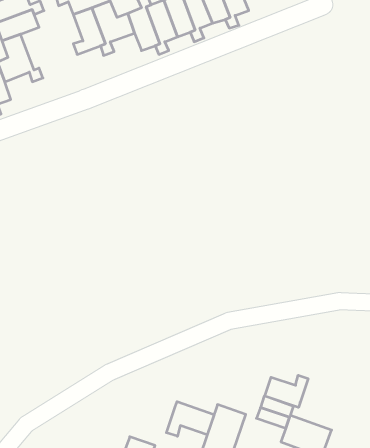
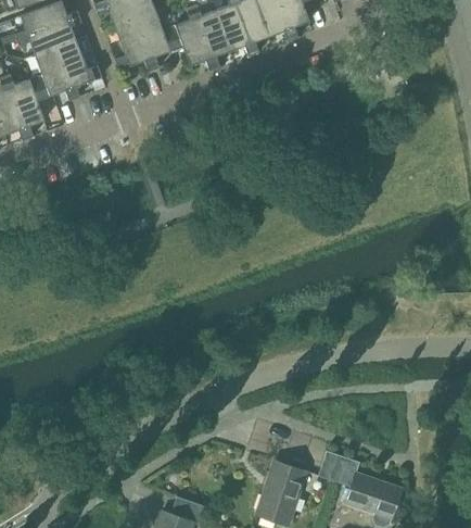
building: none -> [55,39,102,87]
building: [265,375,308,407] -> none
building: [166,402,214,436] -> none

